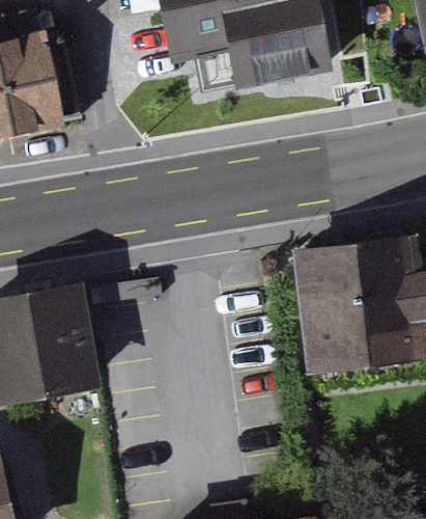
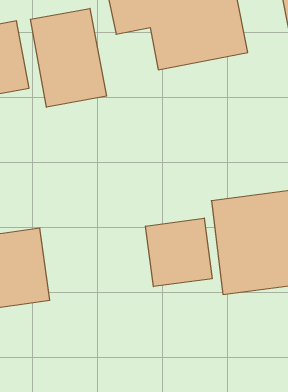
building: none -> [31,8,107,107]
building: none -> [146,218,212,287]

